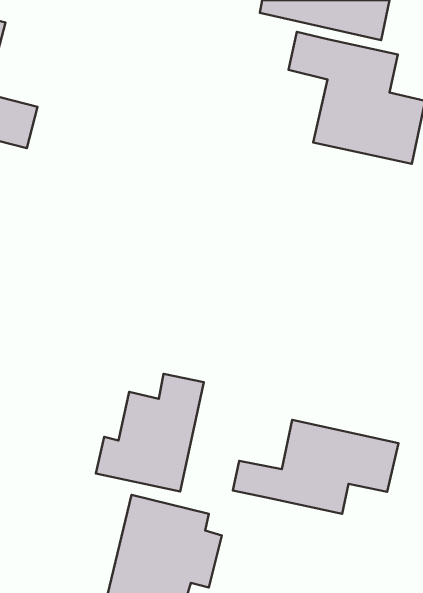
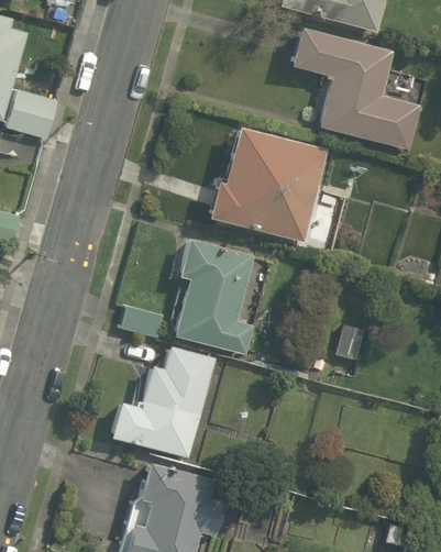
building: none -> [207,123,324,241]
building: none -> [168,238,258,352]
building: [233,420,399,514] -> none

